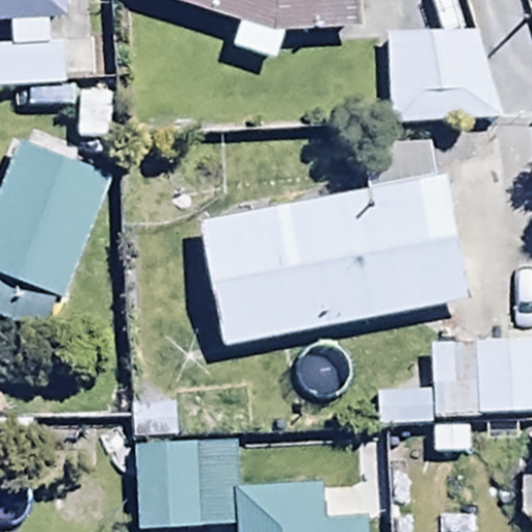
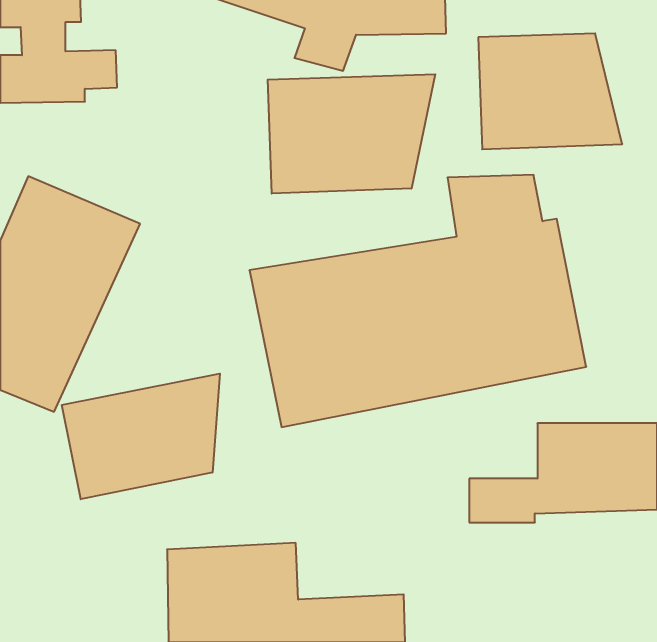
building: none -> [268,74,435,194]
building: none -> [62,374,220,499]

